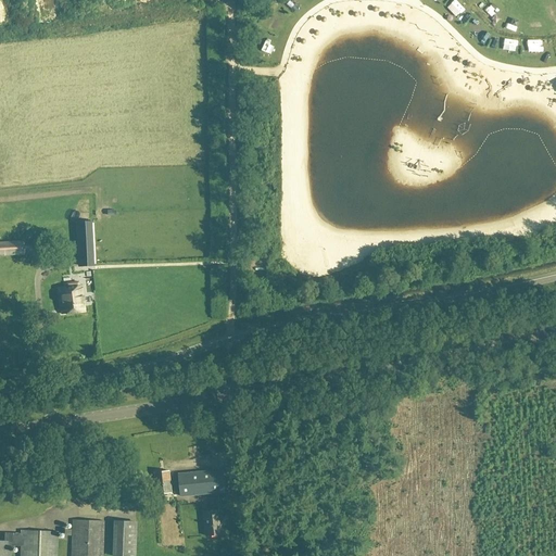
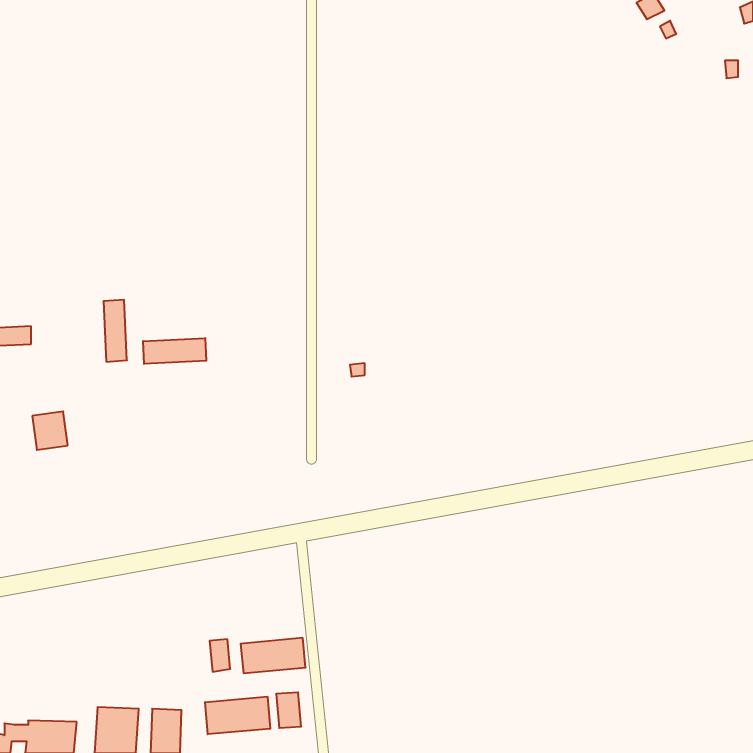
building: none -> [143,338,206,364]
building: [58,286,84,314] -> [32,411,68,450]
building: none -> [205,697,270,734]

